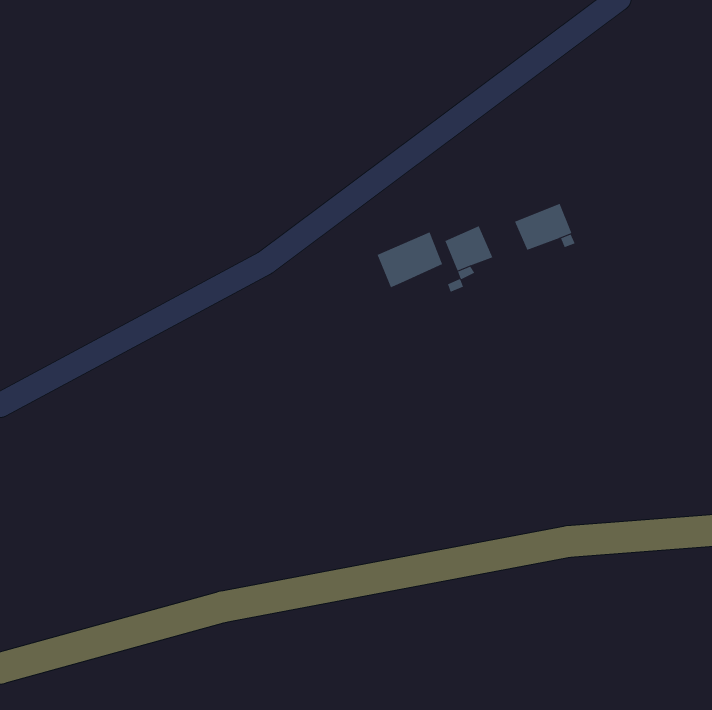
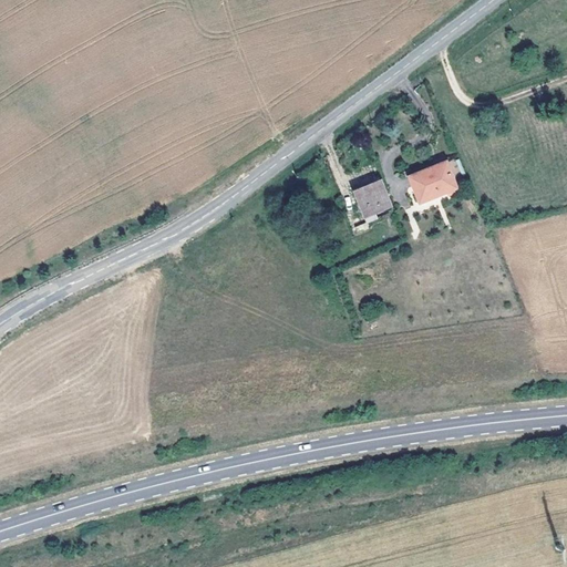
building: [377,232,443,289] -> none

